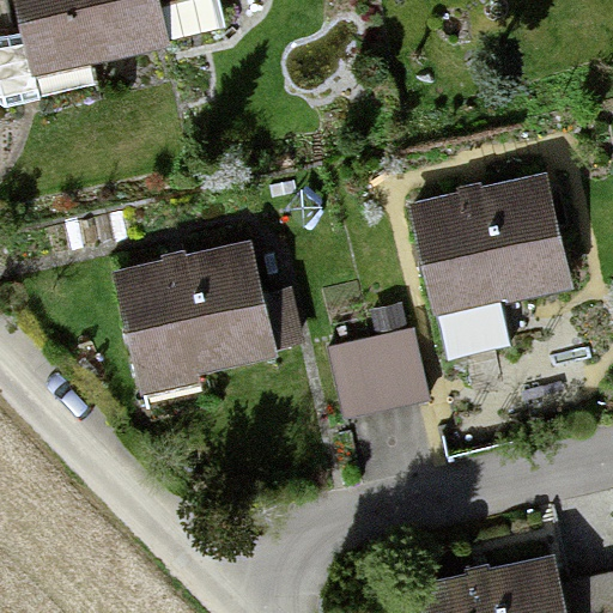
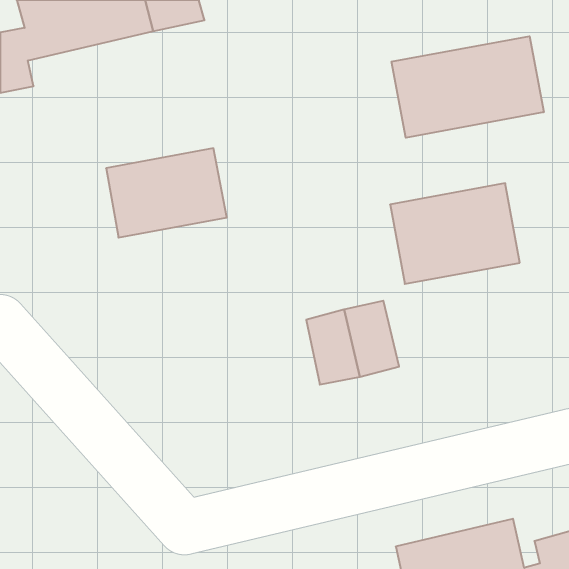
building: none -> [392,36,544,138]
building: [133,268,262,364] -> [106,148,227,238]

